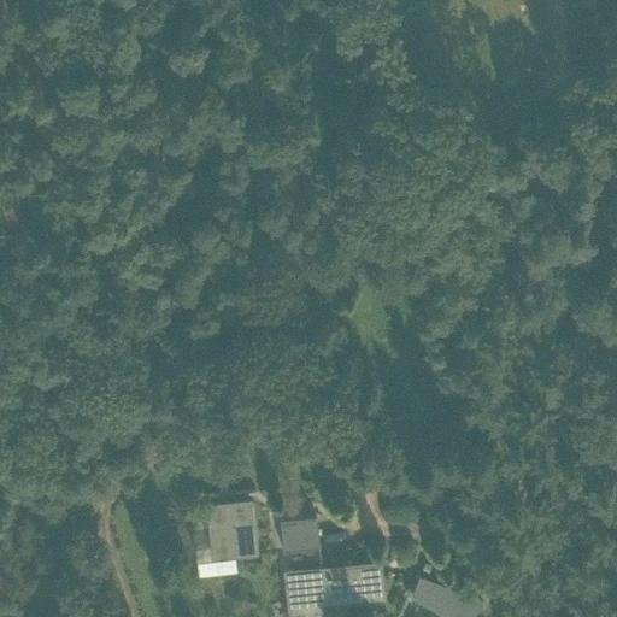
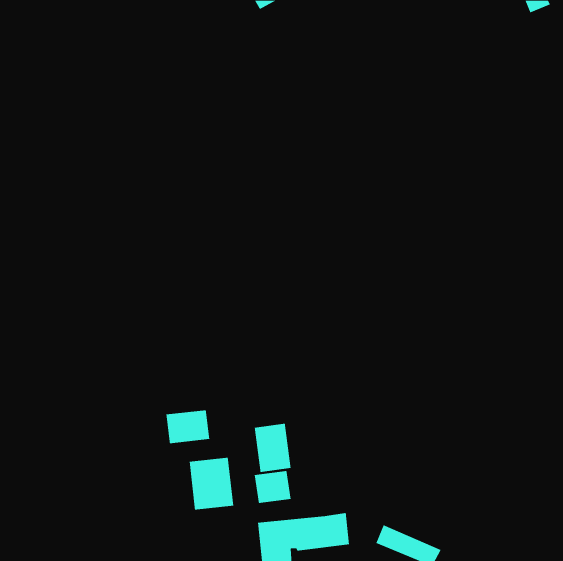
building: none -> [166,409,210,444]
building: none -> [254,423,291,473]

